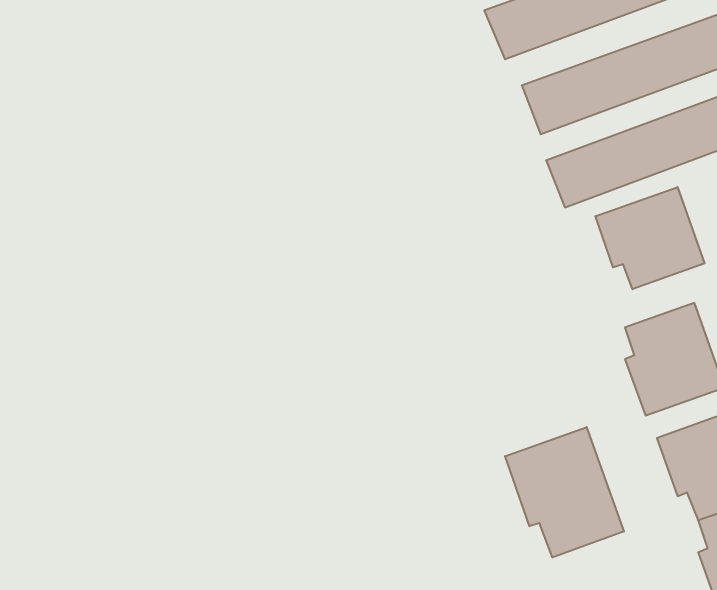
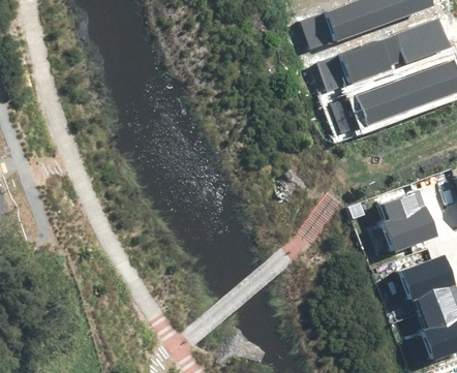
building: [595,187,705,289] -> none
building: [505,427,624,557] -> none

